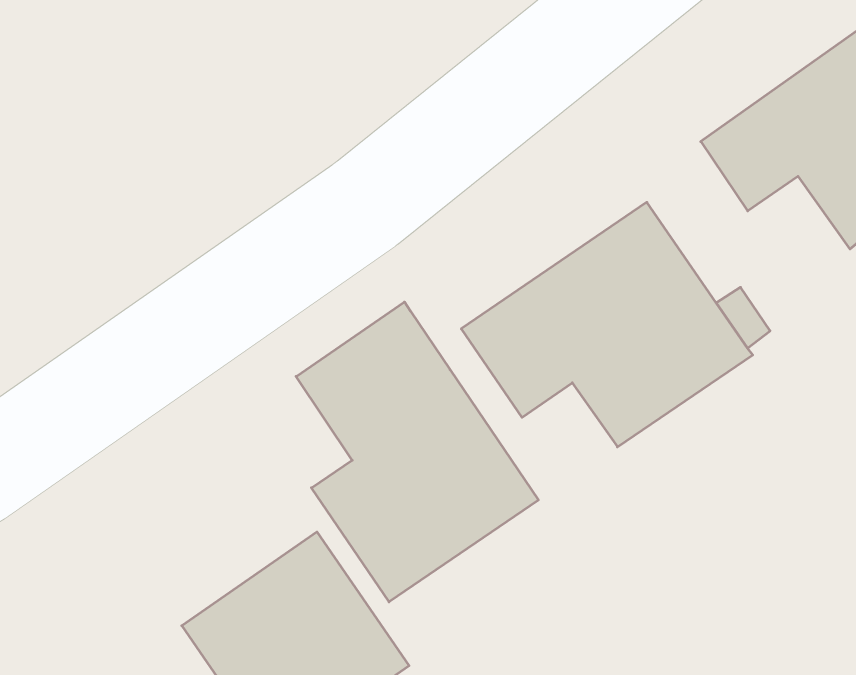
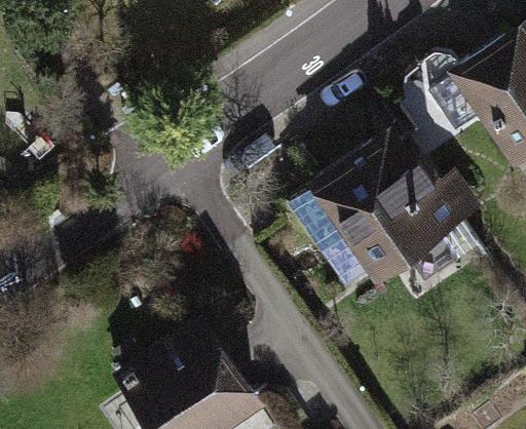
building: [296,302,538,602] -> none

